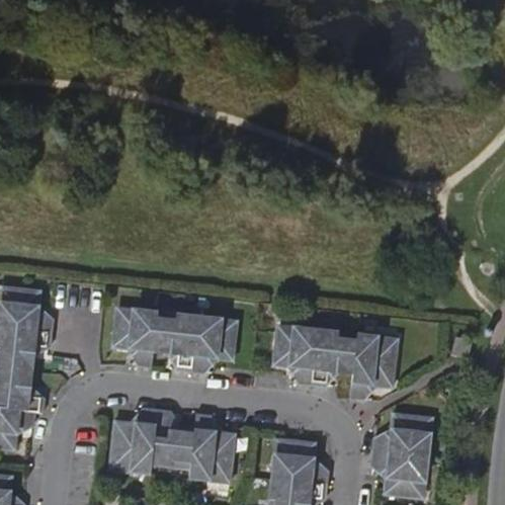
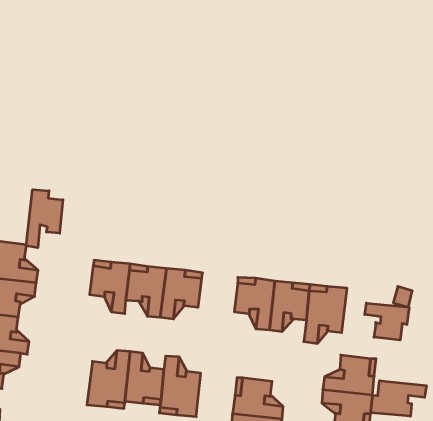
building: none -> [26,190,63,248]
building: none -> [365,303,409,340]
building: none -> [371,381,426,416]

